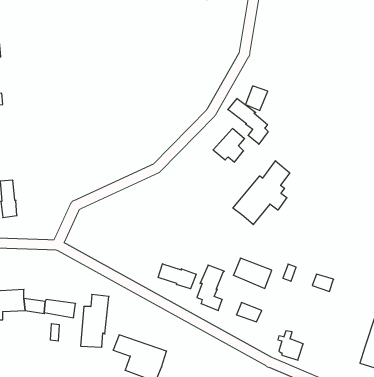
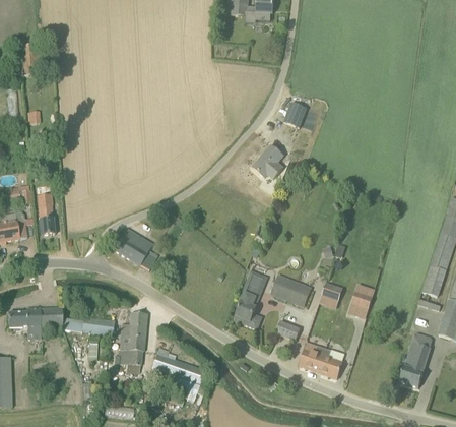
building: [228,98,268,144] -> none
building: [233,161,290,225] -> none
building: none -> [114,232,152,264]
building: [158,264,196,289] -> none
building: none -> [299,341,325,369]

